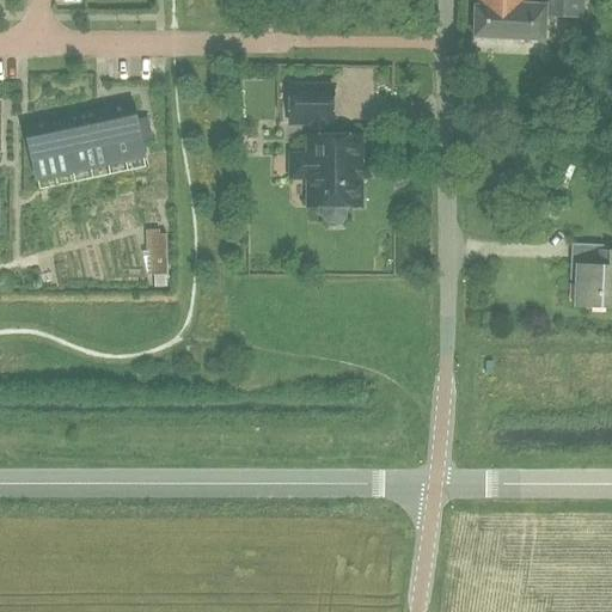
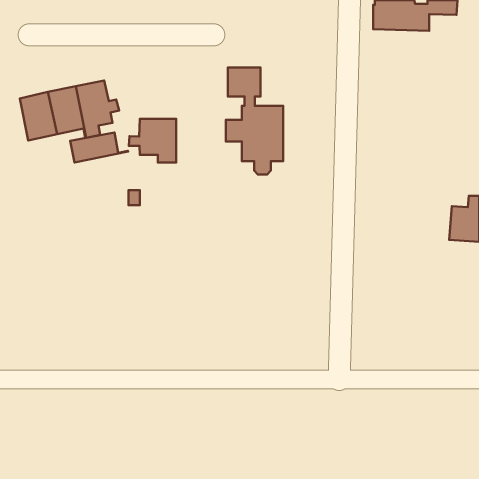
building: none -> [129,119,176,163]
building: none -> [70,133,128,162]

